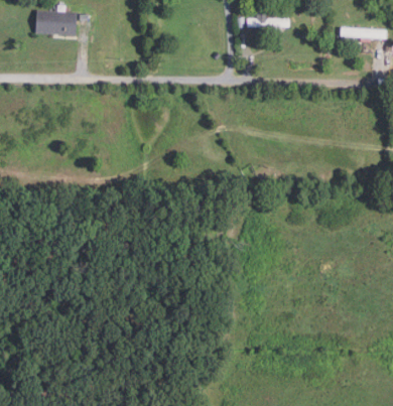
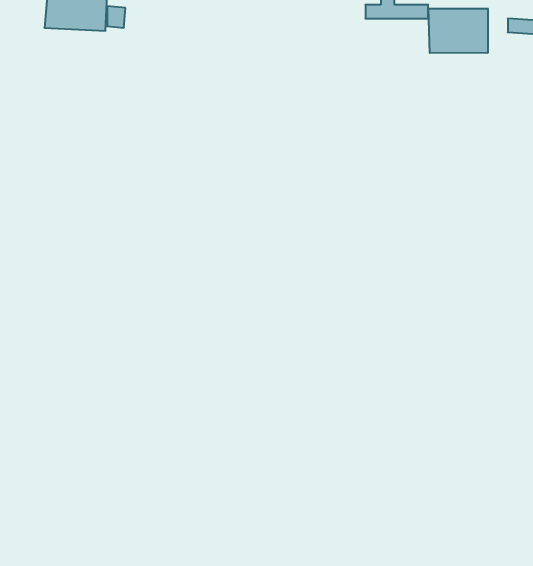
building: none -> [428,9,488,53]

